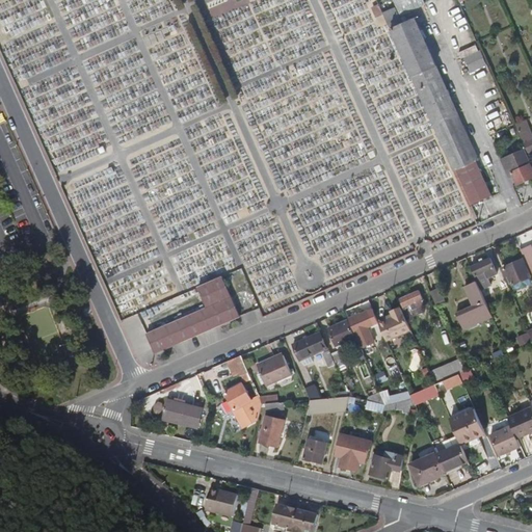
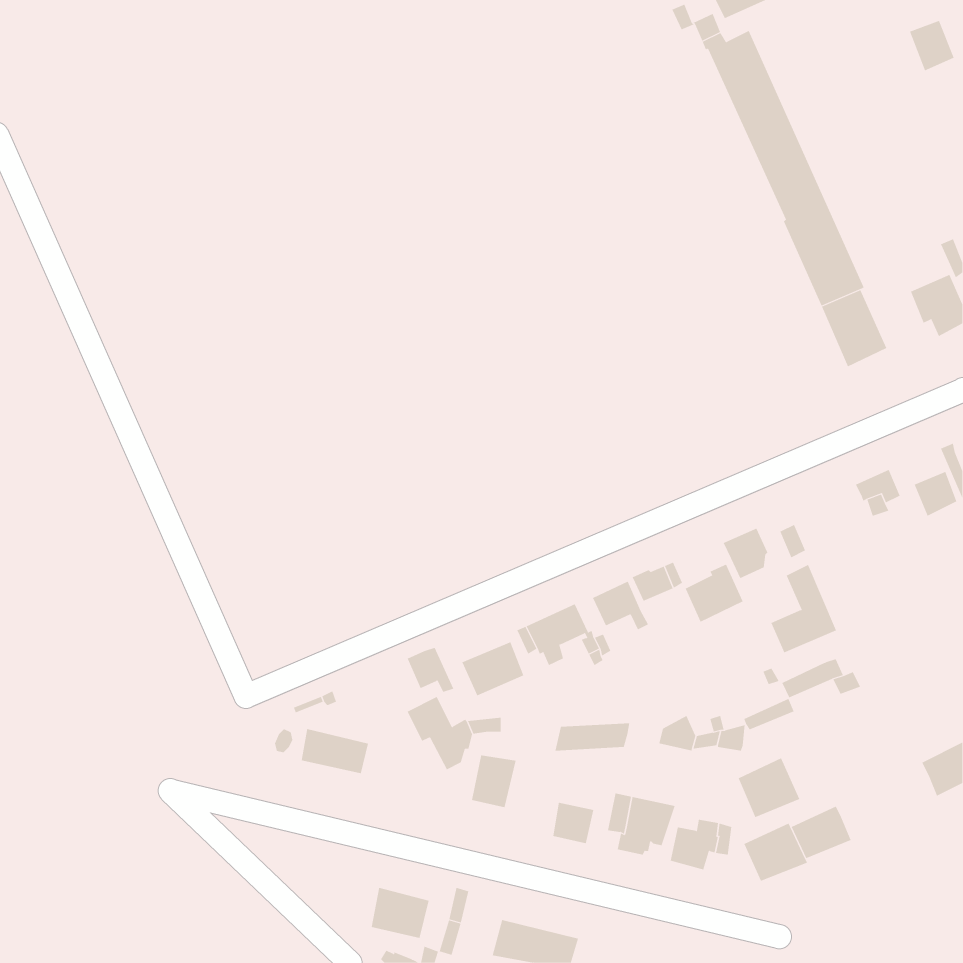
building: [460,42,485,70] -> [909,20,955,71]
building: [145,277,239,353] -> none
building: [453,281,489,329] -> [771,564,837,653]
building: [450,409,484,443] -> [738,757,800,818]
building: [488,427,518,455] -> none

